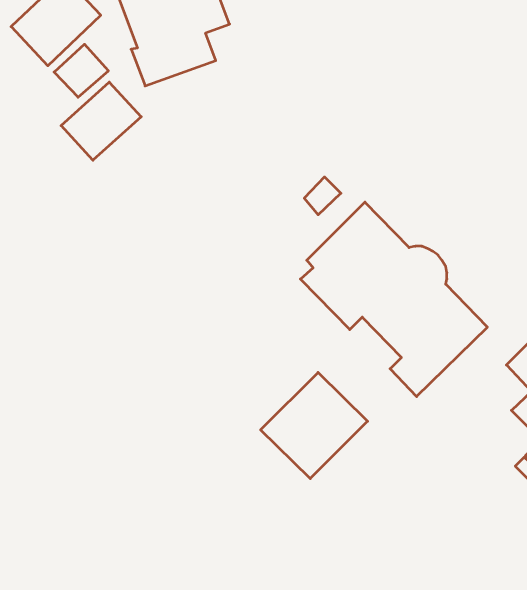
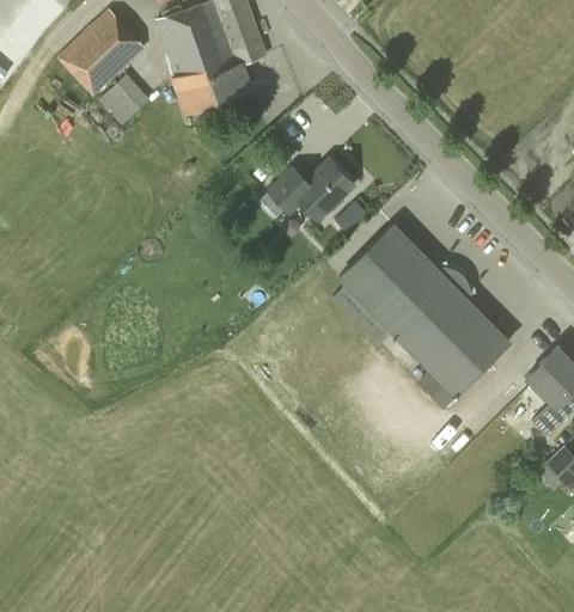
building: [61,82,141,160] -> none
building: none -> [268,158,354,219]
building: [261,372,368,479] -> none

